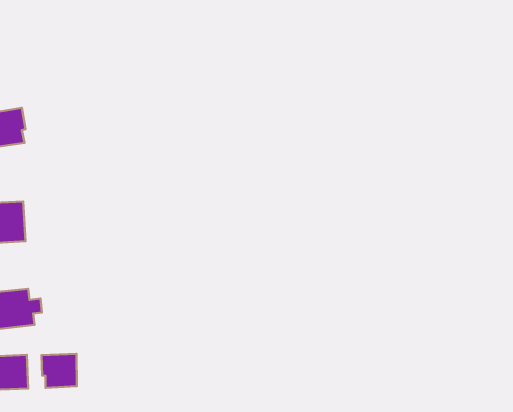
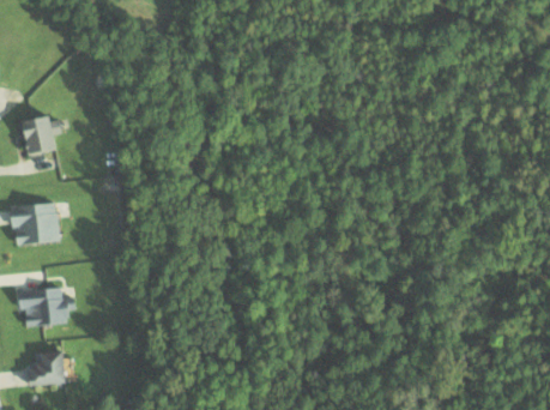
building: [42,354,77,388] -> none

